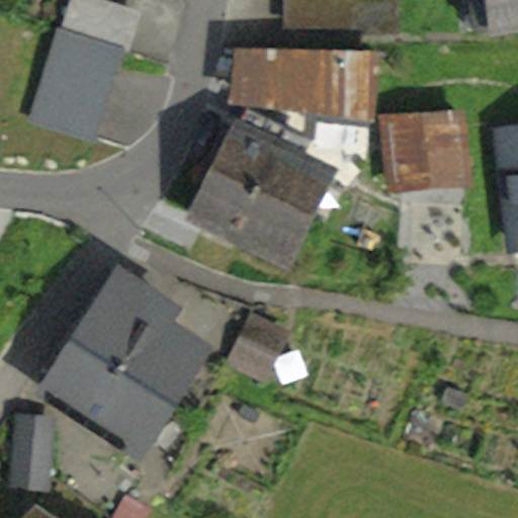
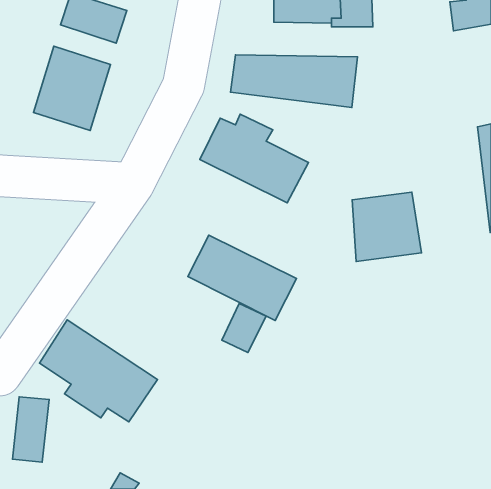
building: [390,108,462,181] -> [352,192,421,261]
building: [188,168,303,258] -> [188,235,296,321]
building: [71,269,195,400] -> none

